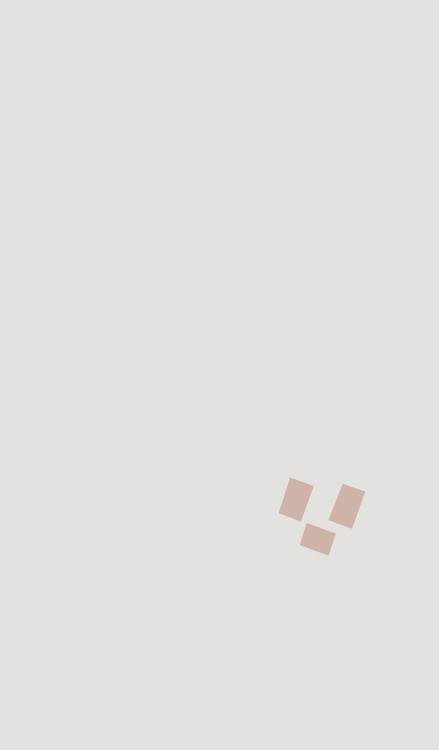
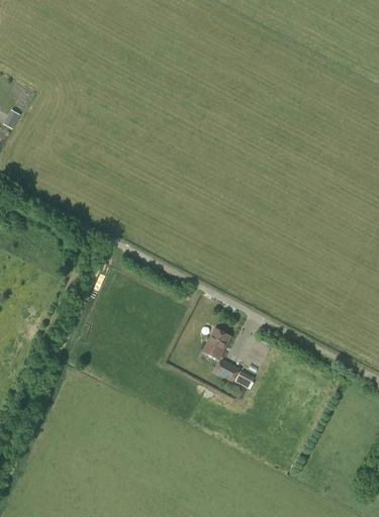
building: [327,483,366,530] -> none

